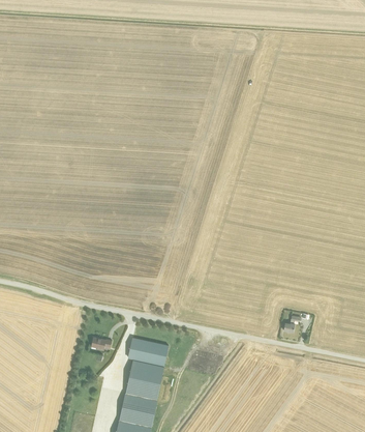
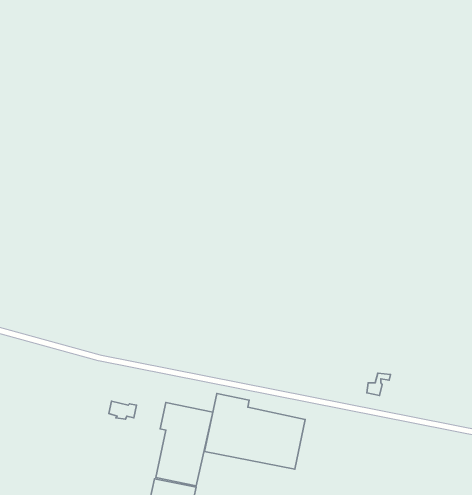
building: none -> [204,394,305,469]

